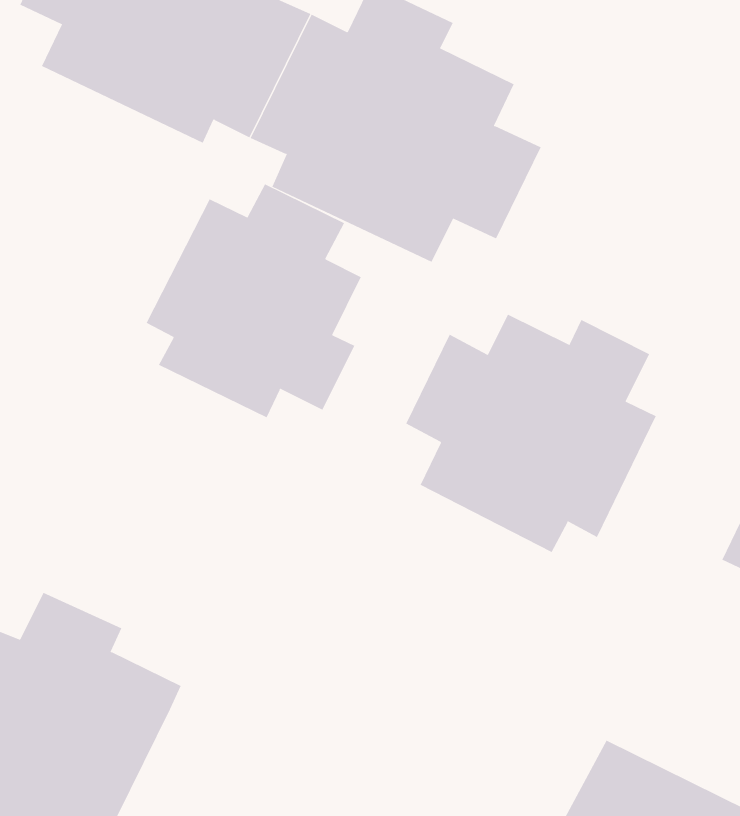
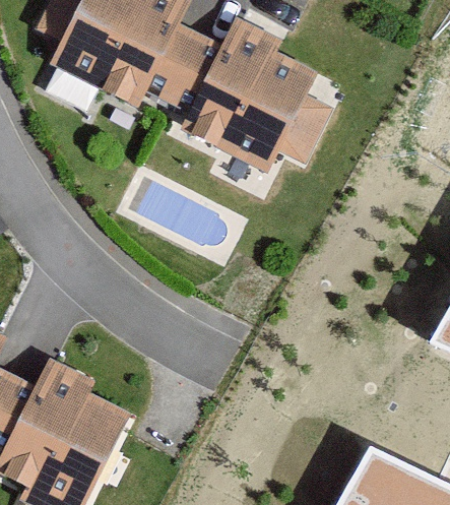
building: [146,183,362,418] -> none
building: [405,314,657,553] -> none

